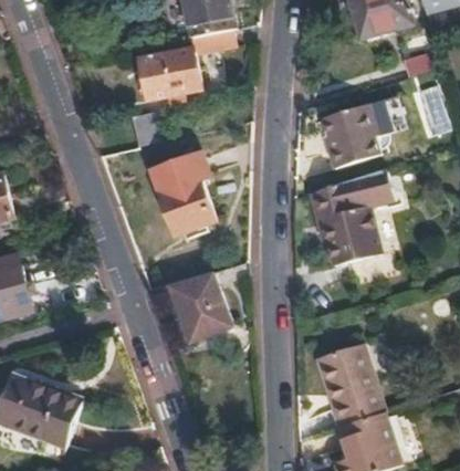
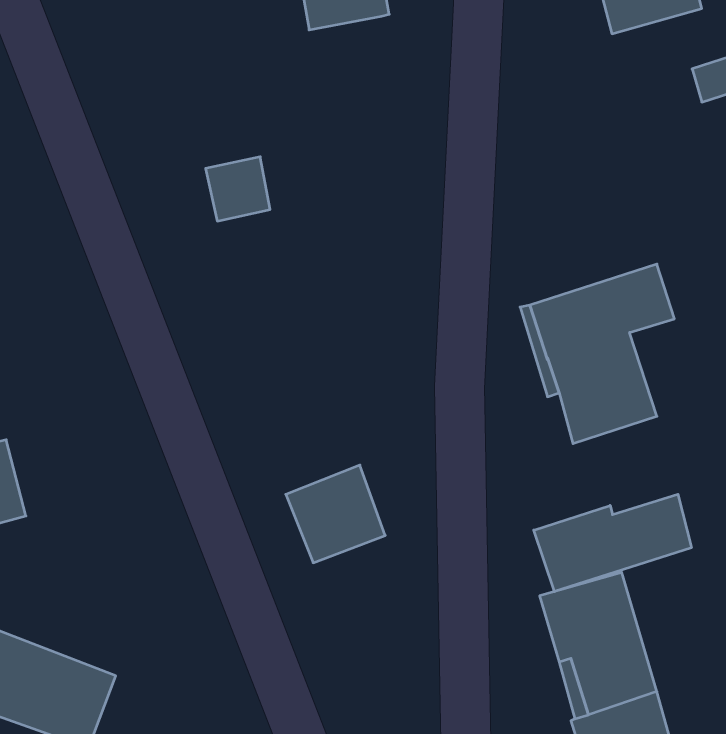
building: [138,28,232,97] -> none
building: [326,103,387,171] -> none
building: [150,148,215,231] -> none
building: none -> [534,494,691,592]

